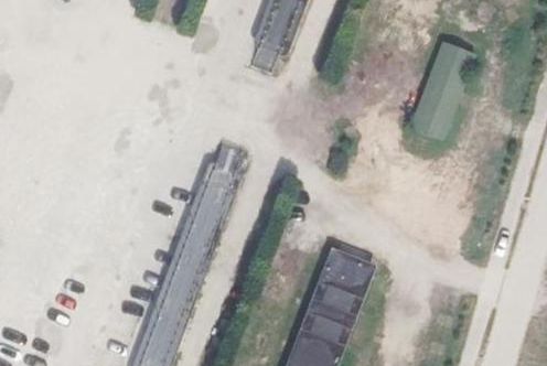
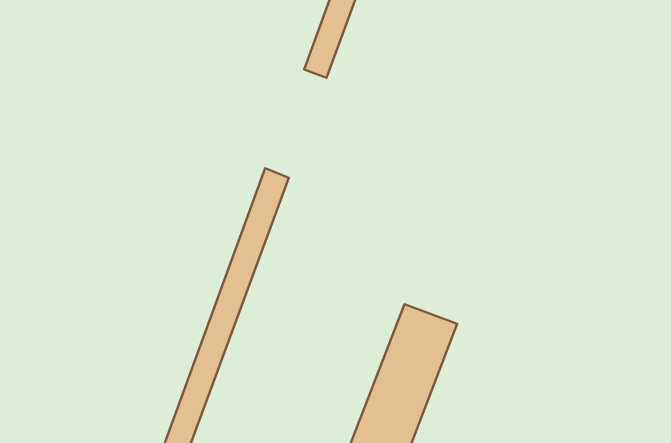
building: [410,41,479,141] -> none

